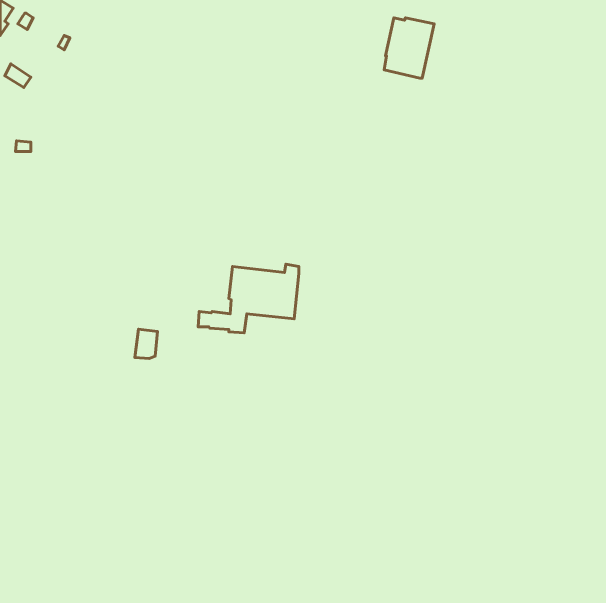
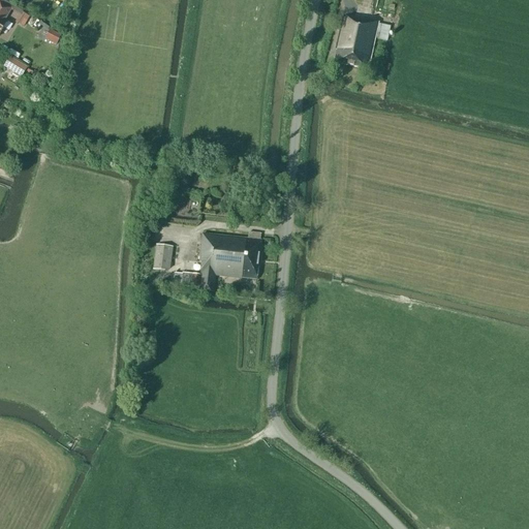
building: [135,329,157,359] -> [153,244,173,270]

